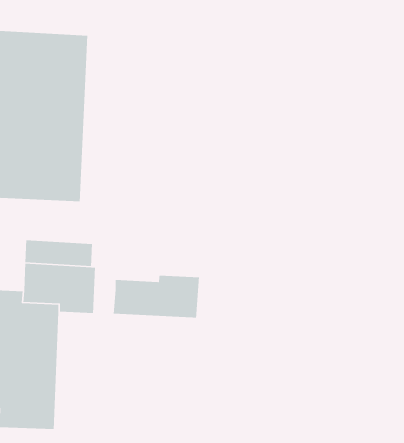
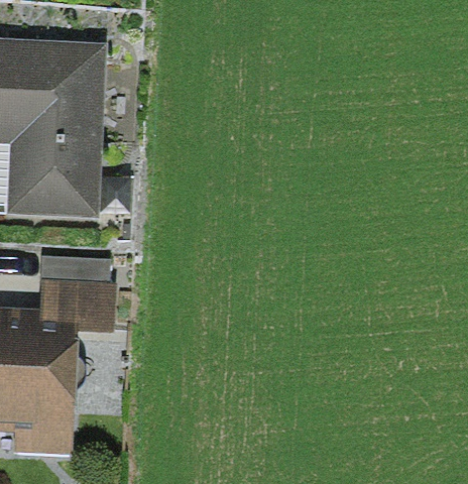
building: [113,275,200,319] -> none

